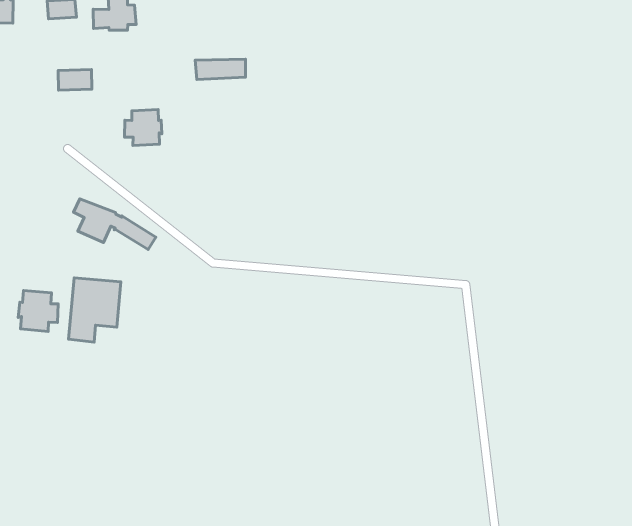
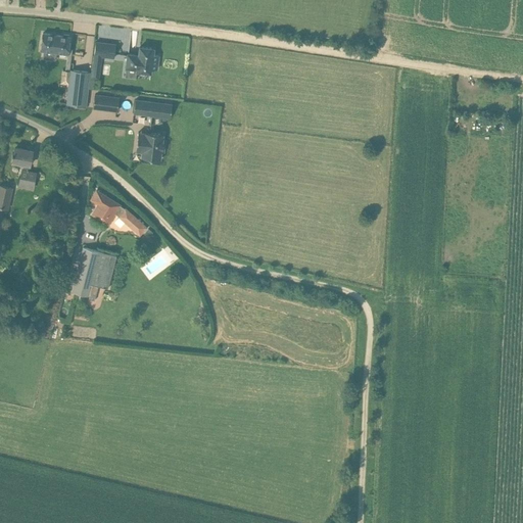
building: none -> [66,70,90,107]
building: [195,59,246,79] -> [134,100,172,118]
building: [18,290,58,331] -> none

